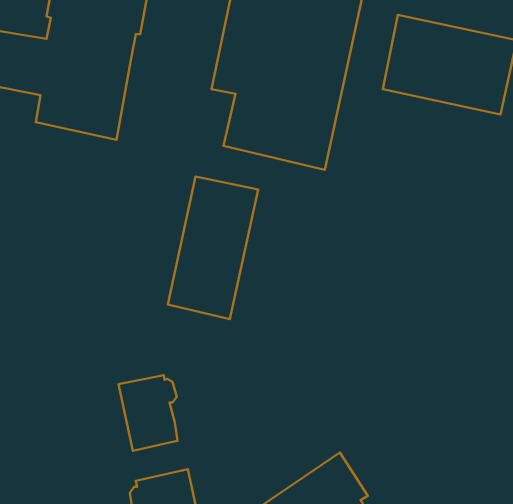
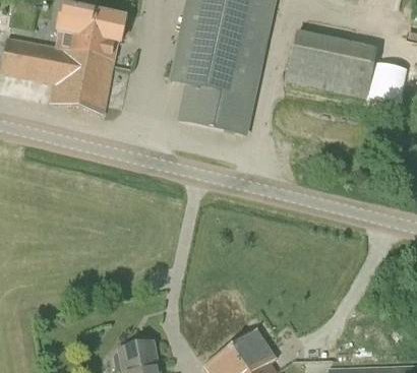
building: [168,177,258,319] -> none
building: [119,375,178,451] -> none

